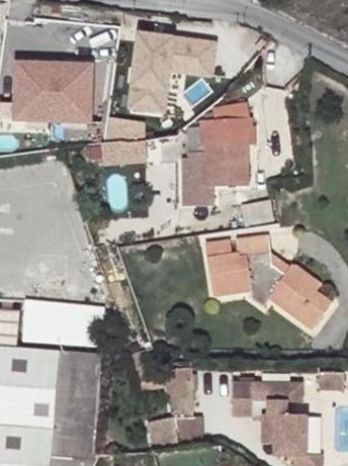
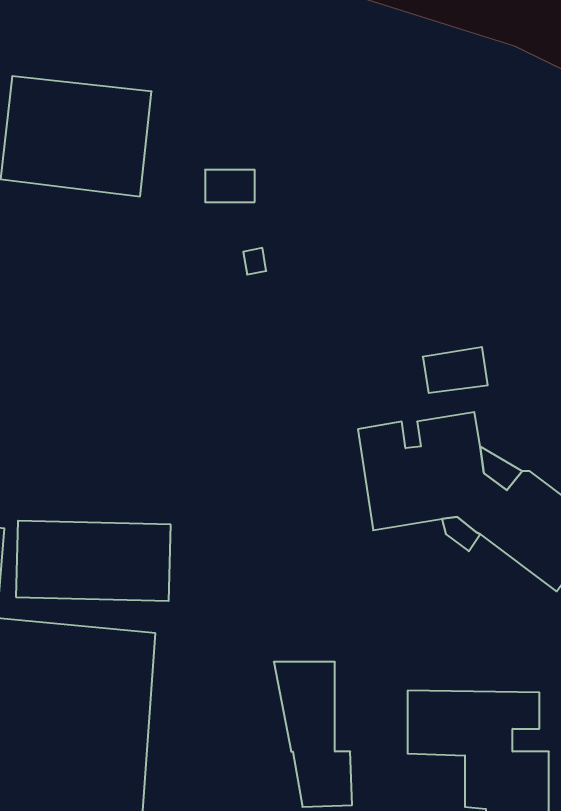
building: [123,25,219,107] -> none
building: [183,105,253,206] -> none

